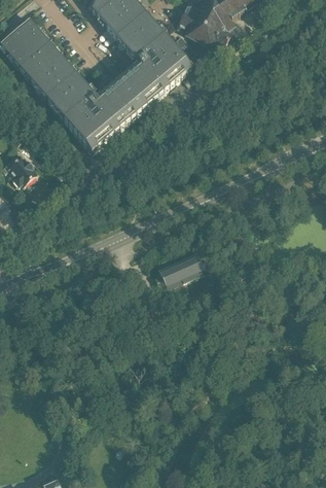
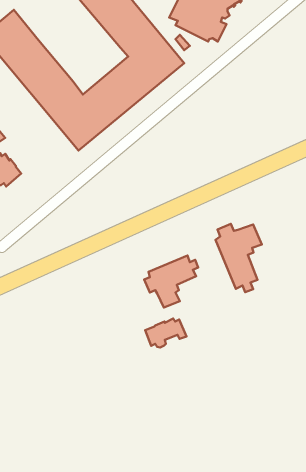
building: none -> [216,224,262,292]
building: none -> [145,319,187,348]

